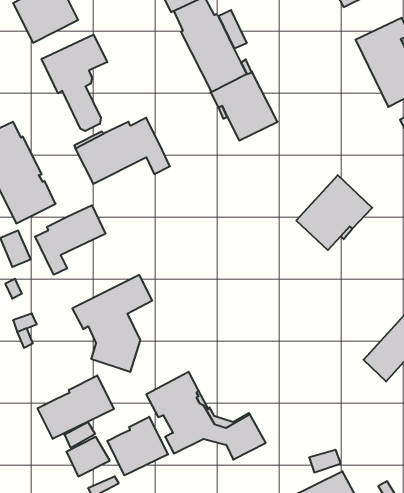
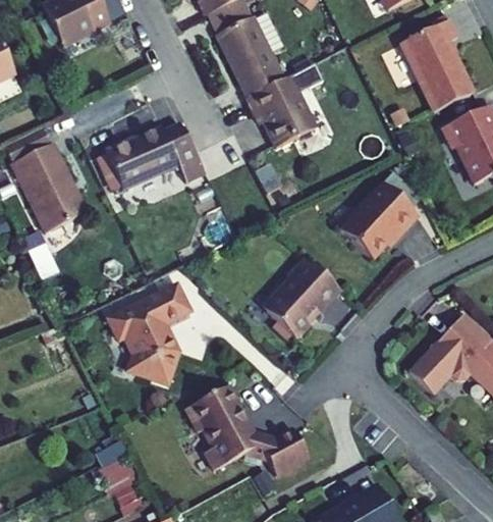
building: [42,35,107,131] -> none
building: [35,205,105,275] -> none
building: none -> [263,257,336,337]
building: [38,375,114,439] -> none
building: [107,417,168,475] -> none

